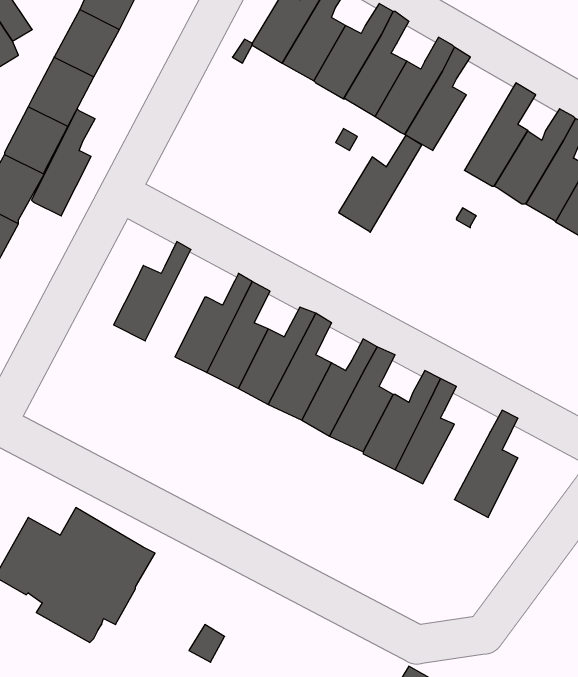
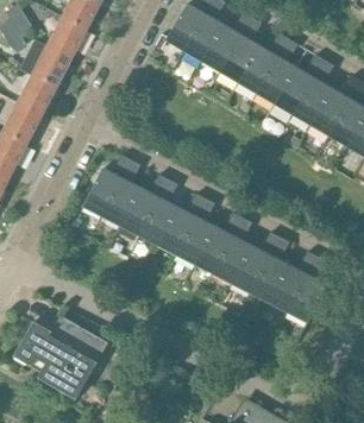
building: [32,109,95,216] -> [102,160,140,225]
building: [339,135,422,232] -> [275,55,325,113]
building: none -> [269,252,316,310]

